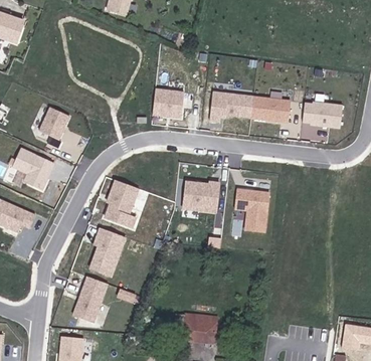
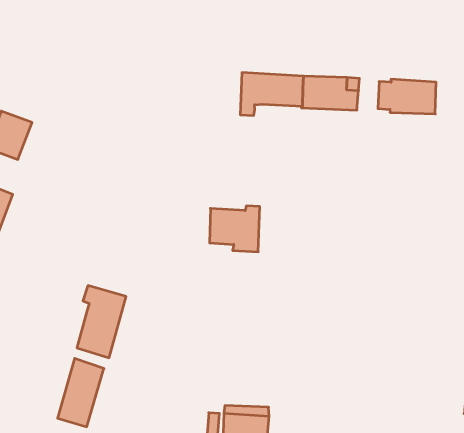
building: [152,88,184,118] -> none
building: [105,179,138,227] -> none
building: [234,189,268,231] -> none

